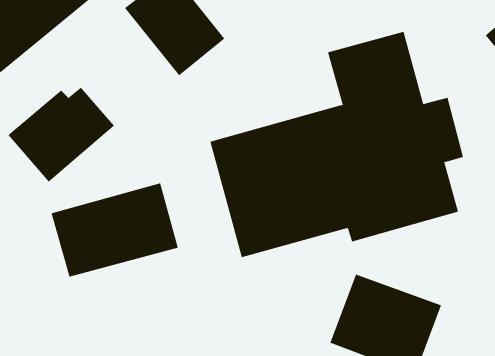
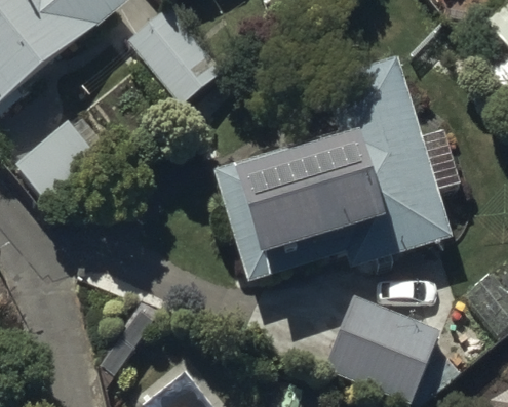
building: [51,182,178,277] -> none

